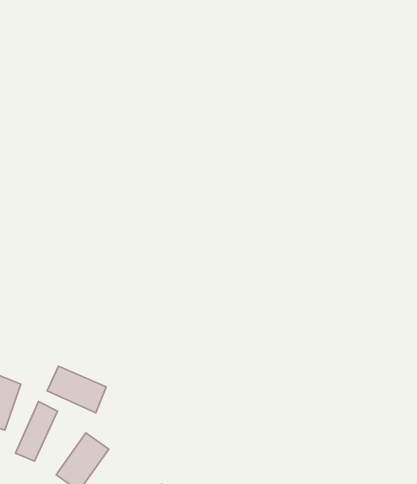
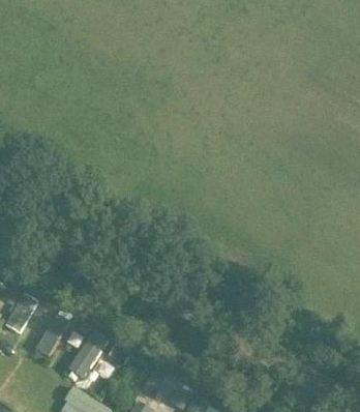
building: [47,366,106,413] -> none

